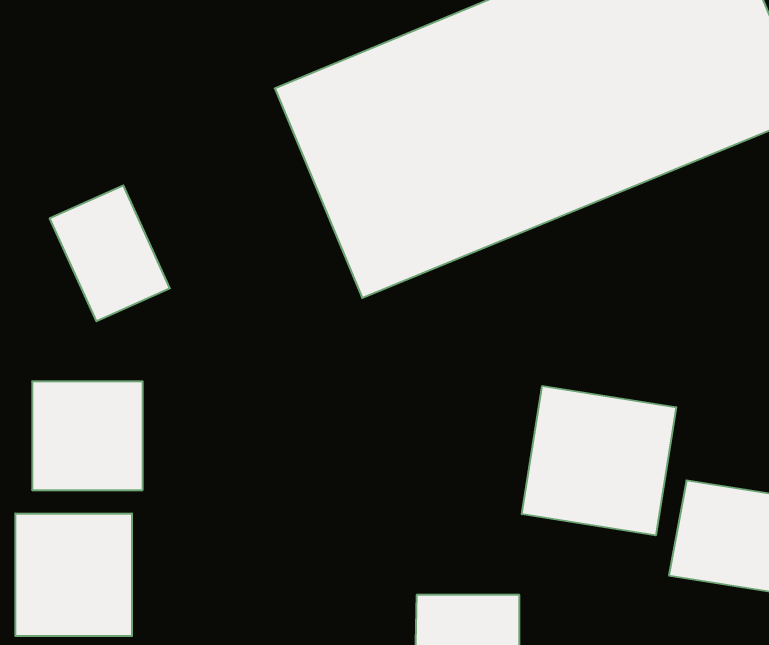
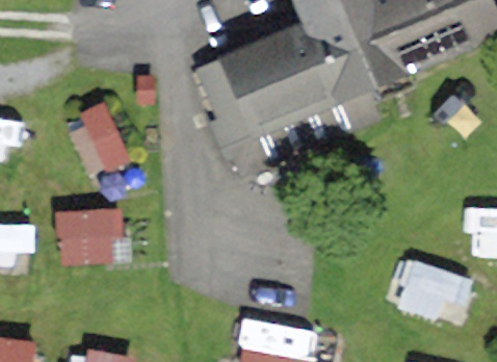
building: [522,386,676,535] -> none
building: [15,513,132,636] -> none

